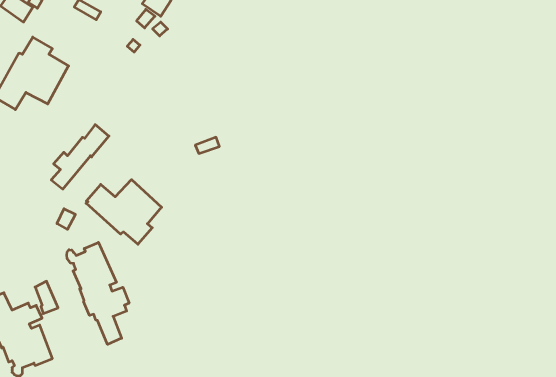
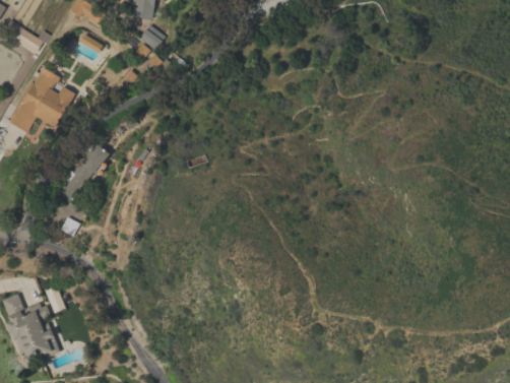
building: [86,180,162,244] -> none
building: [67,242,129,344] -> none

